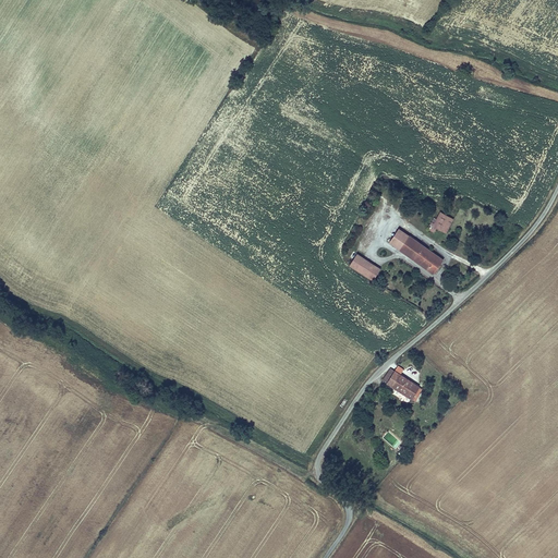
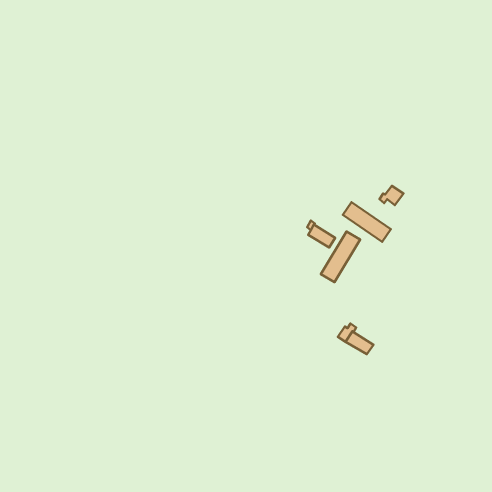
building: none -> [321,231,360,282]

